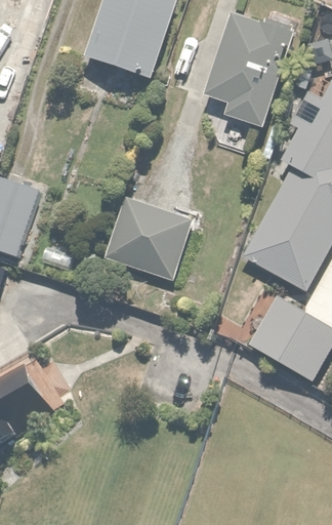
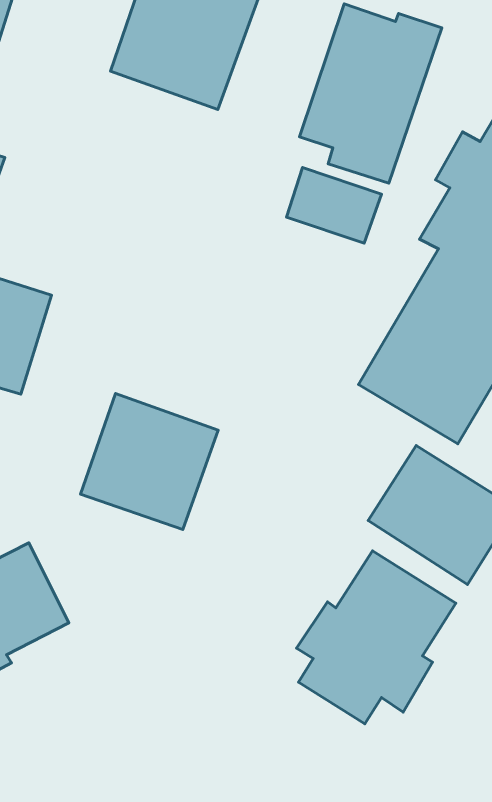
building: none -> [286,168,381,243]
building: [103,193,192,280] -> [80,393,218,529]
building: none -> [296,551,456,724]

